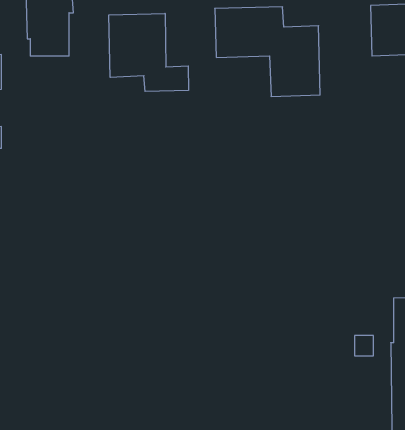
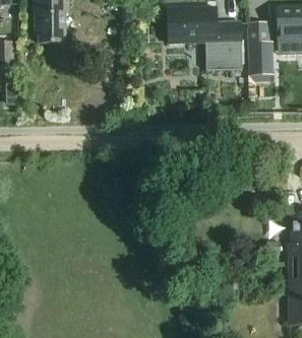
building: [109,13,188,91] -> none
building: none -> [245,20,273,73]

